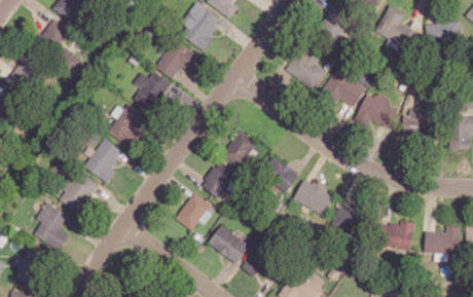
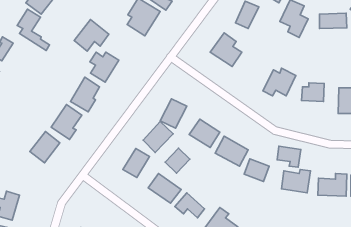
building: [156,39,201,79] -> [74,19,109,51]
building: [322,69,365,107] -> none
building: none -> [277,146,301,167]
building: none -> [165,148,190,173]
building: [34,201,71,251] -> none

